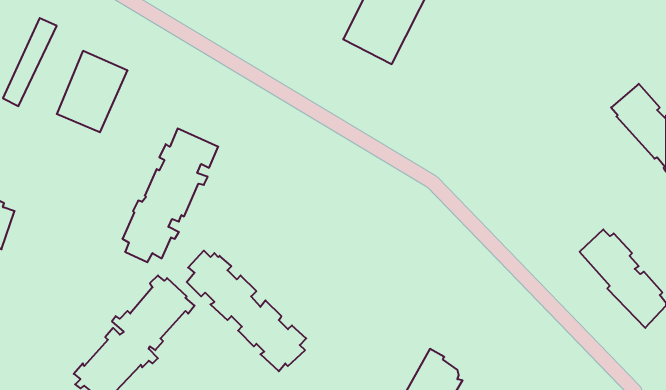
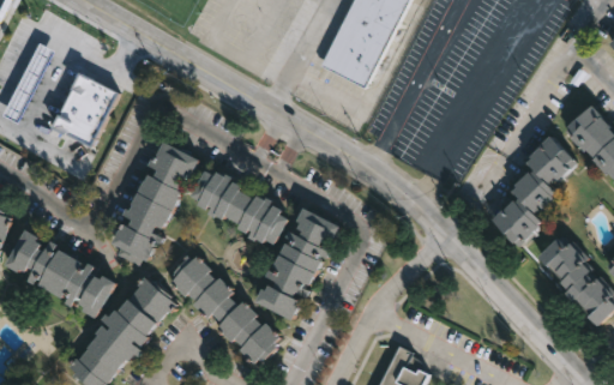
building: none -> [487,134,570,246]
building: none -> [194,172,293,246]
building: none -> [260,209,344,321]
building: none -> [8,231,121,320]

